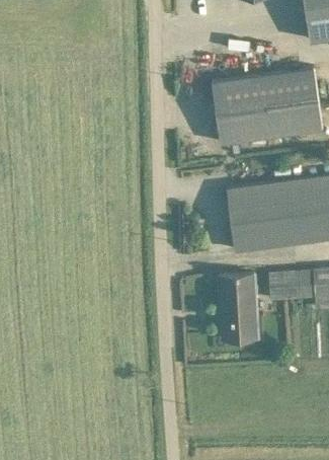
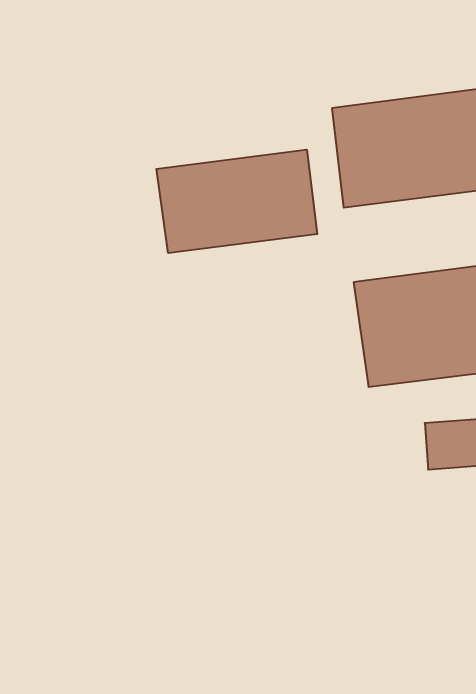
building: none -> [156,150,317,253]
building: [219,274,260,342] -> none

